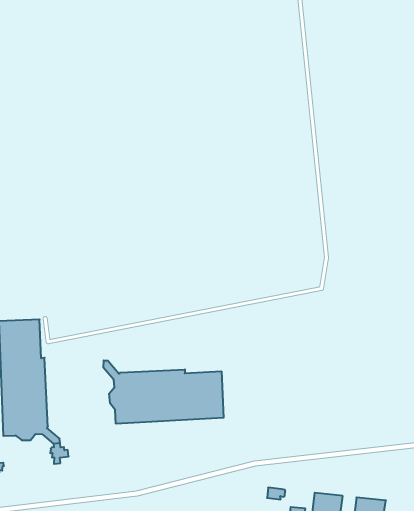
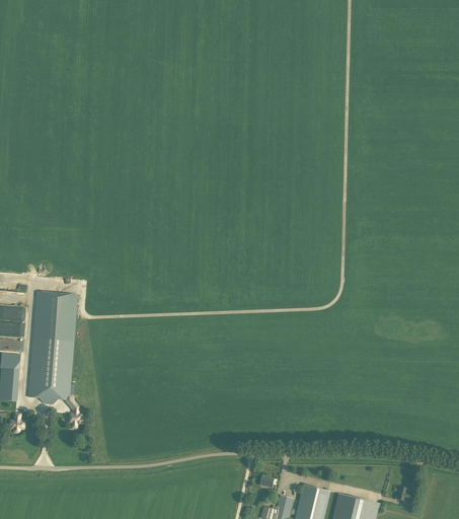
building: [104,360,224,424] -> none

